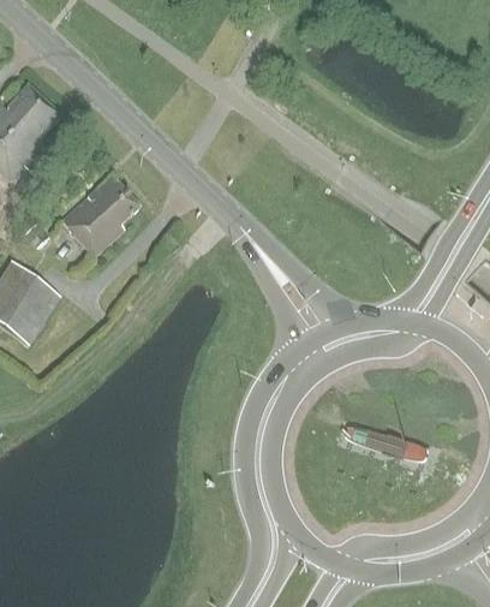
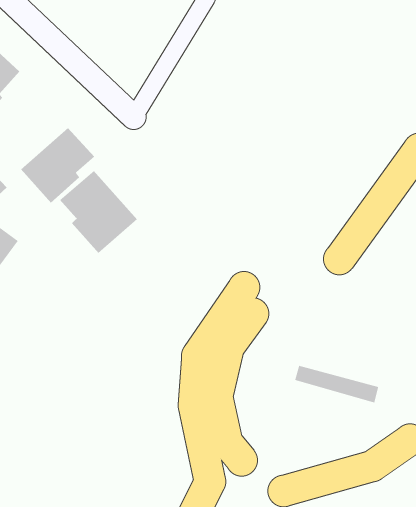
building: none -> [59,170,138,254]

